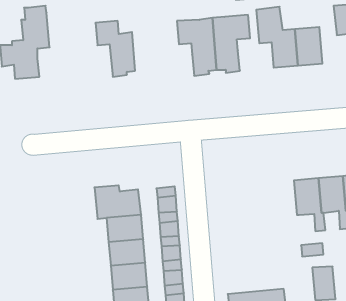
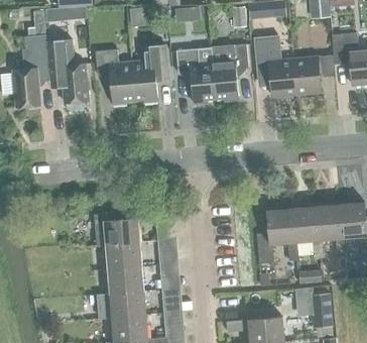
building: none -> [46,38,88,103]
building: none -> [131,44,167,102]
building: none -> [256,208,298,263]

